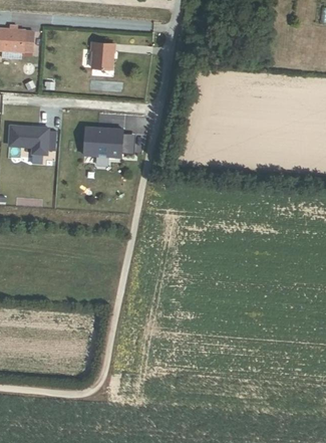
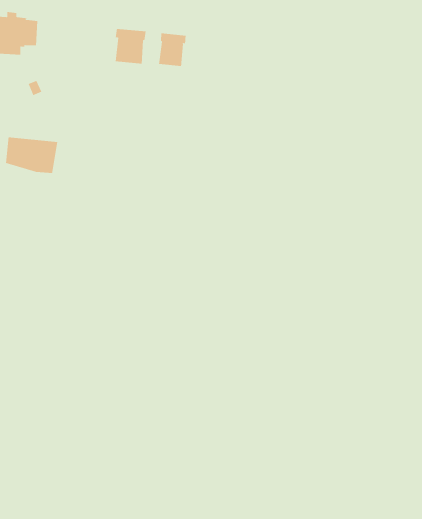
building: none -> [159,33,186,67]
building: [84,127,123,157] -> none

